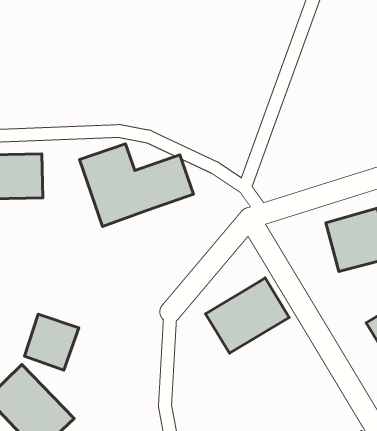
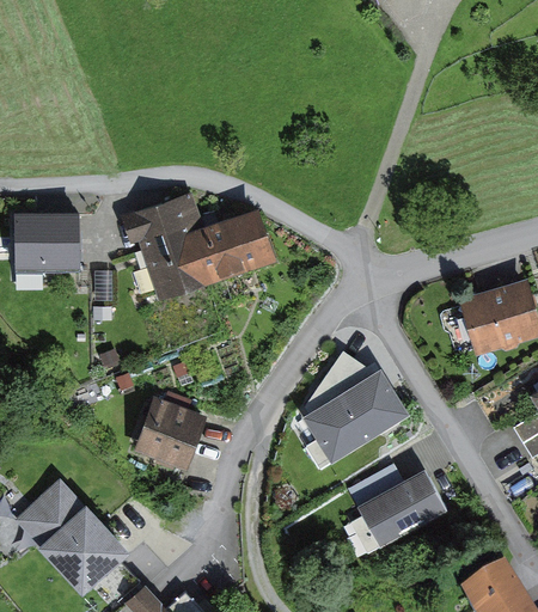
building: none -> [298,350,368,414]
building: [24,314,79,370] -> [136,397,207,470]
building: none -> [350,458,453,549]

